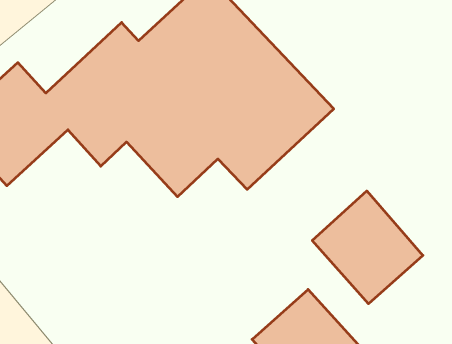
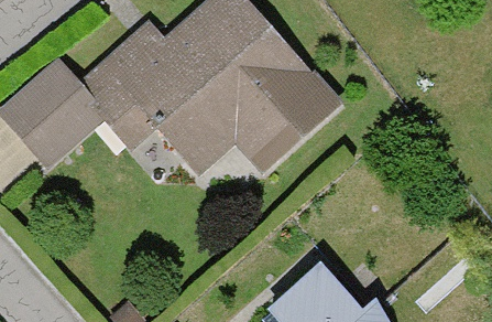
building: [312,191,423,304] -> none

